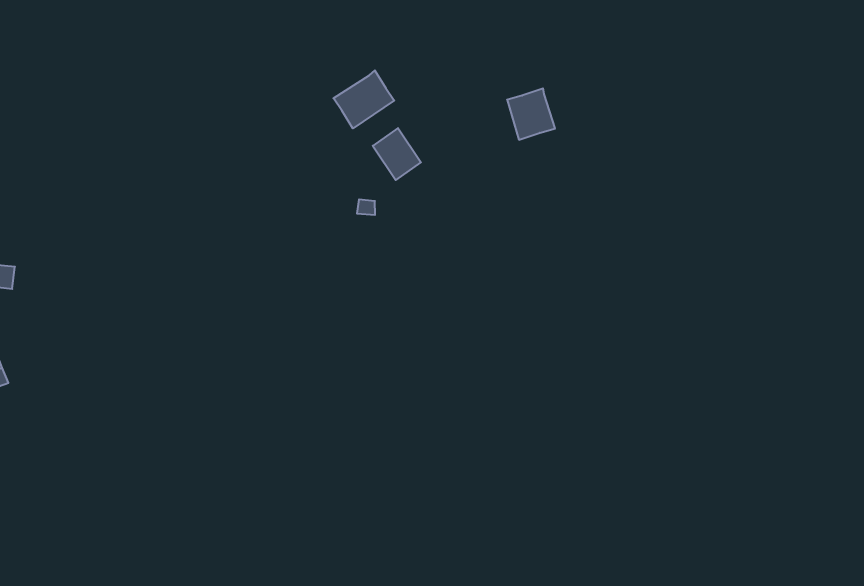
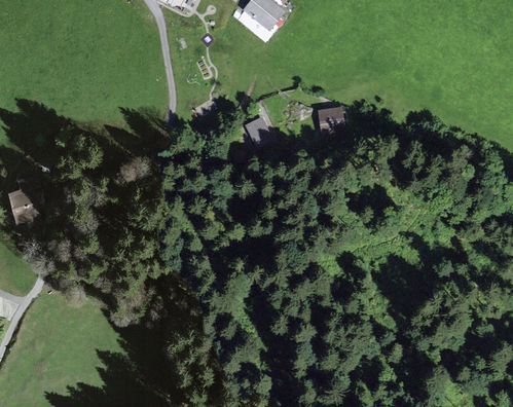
building: [333,70,394,128] -> none

